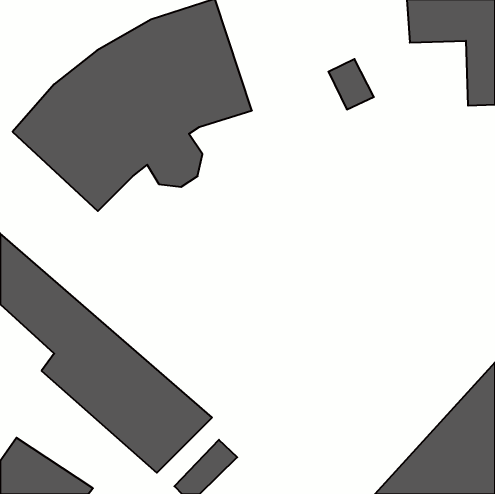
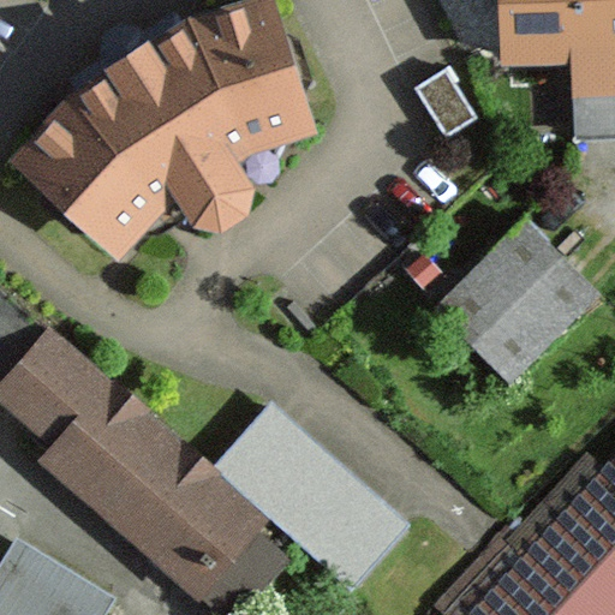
building: none -> [426,226,593,393]
building: none -> [220,406,406,585]

